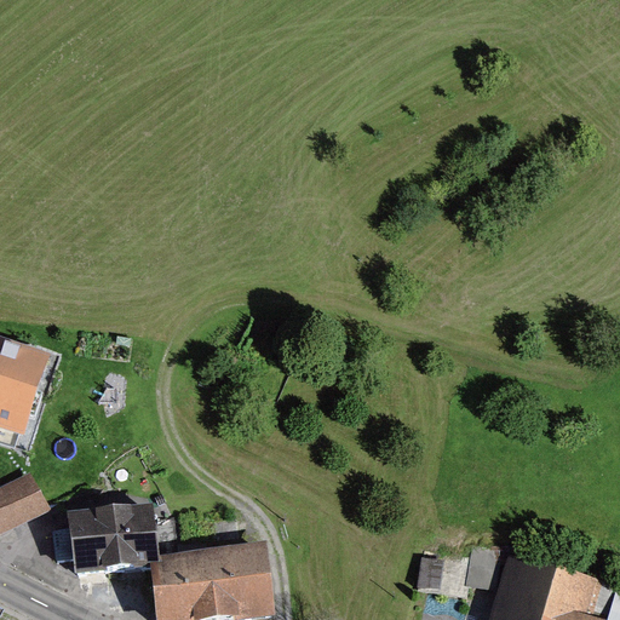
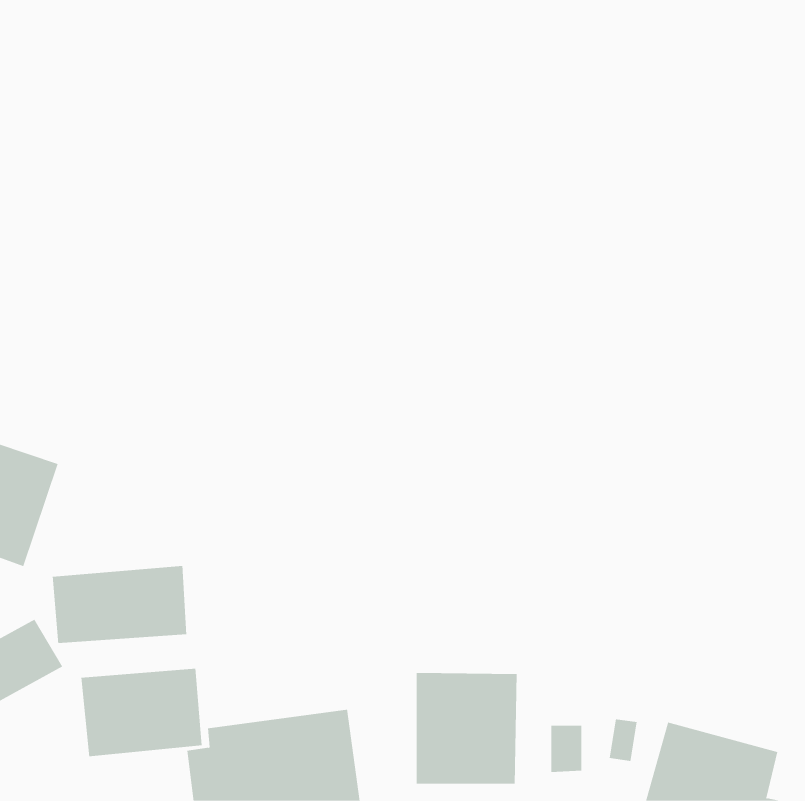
building: none -> [52,565,187,644]
building: none -> [416,672,517,785]

